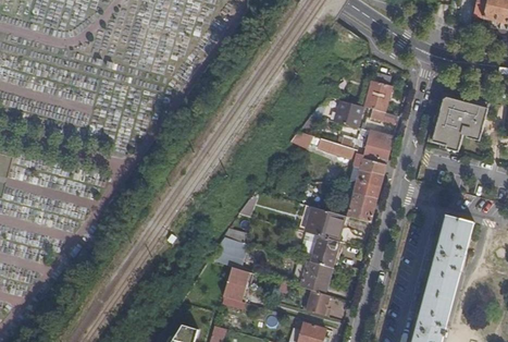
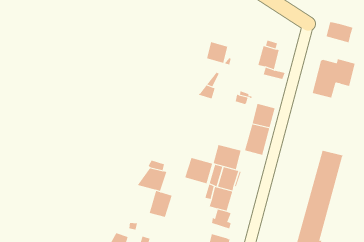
building: none -> [326,21,353,43]
building: [334,99,362,127] -> [206,42,228,64]
building: [362,131,393,161] -> none
building: none -> [184,157,213,184]

